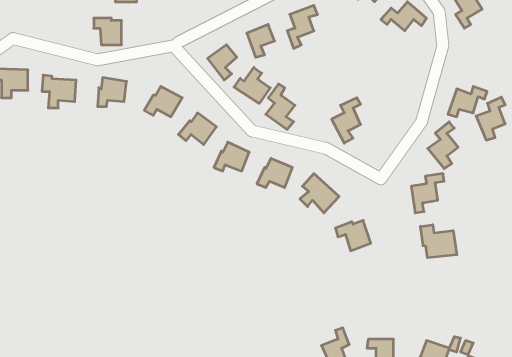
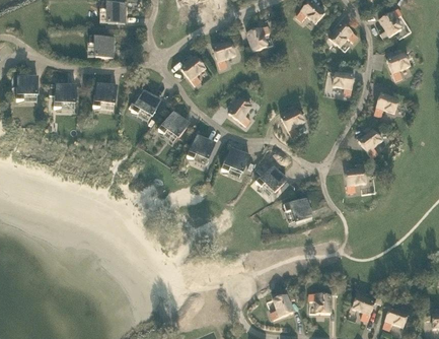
building: none -> [328,64,354,95]
building: [234,67,270,103] -> none
building: [476,97,505,140] -> [386,44,410,78]
building: [420,225,457,258] -> none

